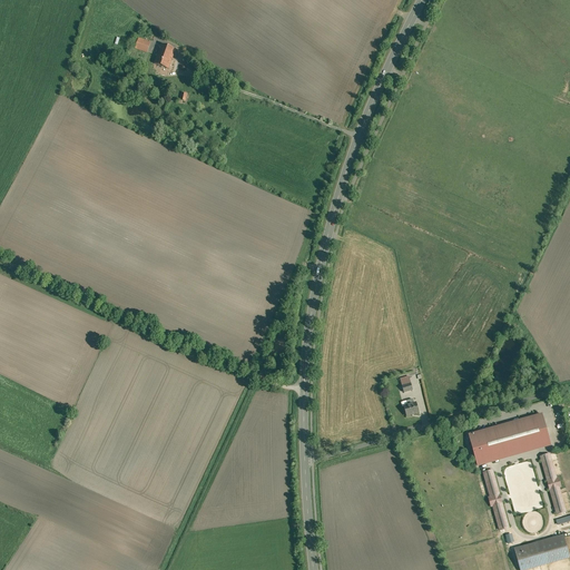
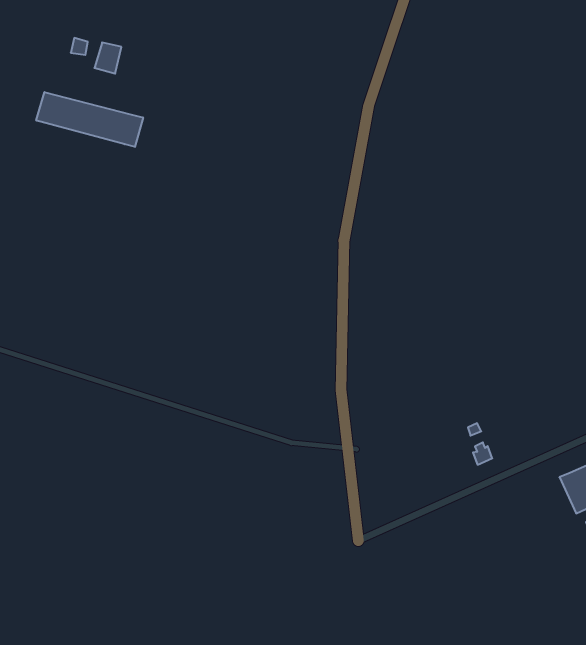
building: none -> [36,92,143,147]

